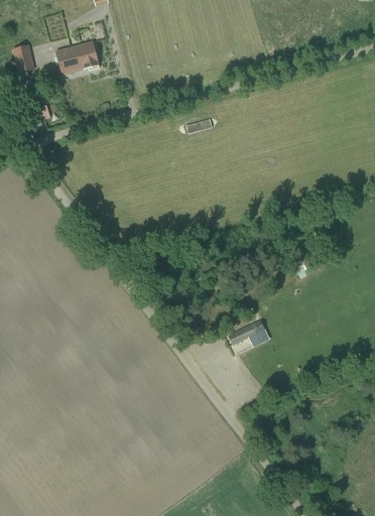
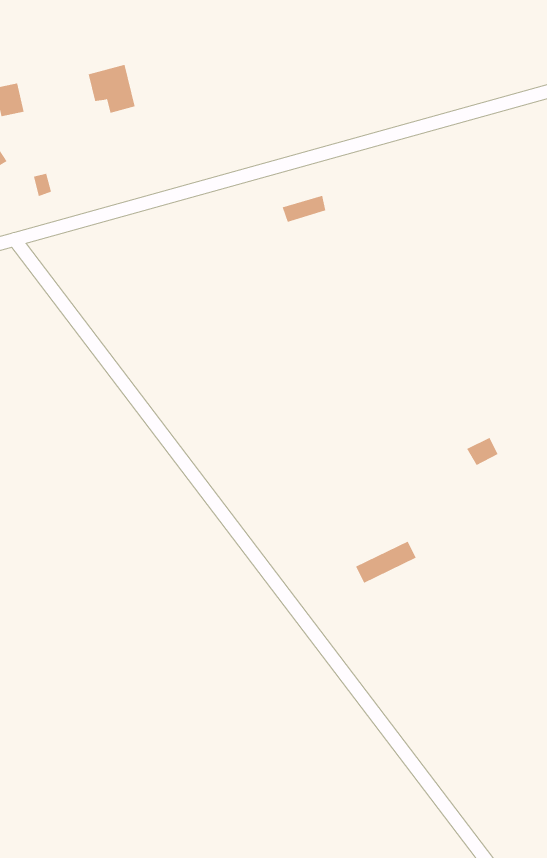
building: [55,45,84,74] -> none

